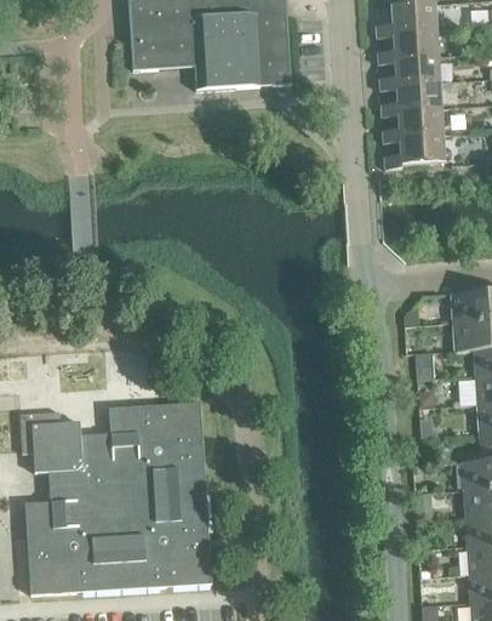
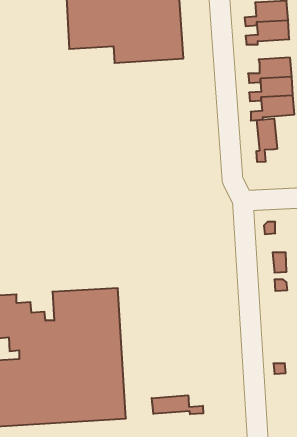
building: [379,56,439,90] -> none
building: none -> [256,119,277,162]
building: none -> [152,395,203,414]

